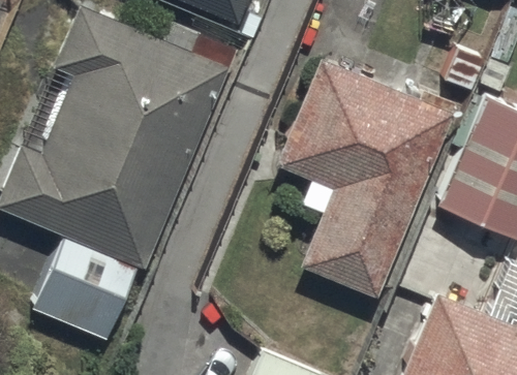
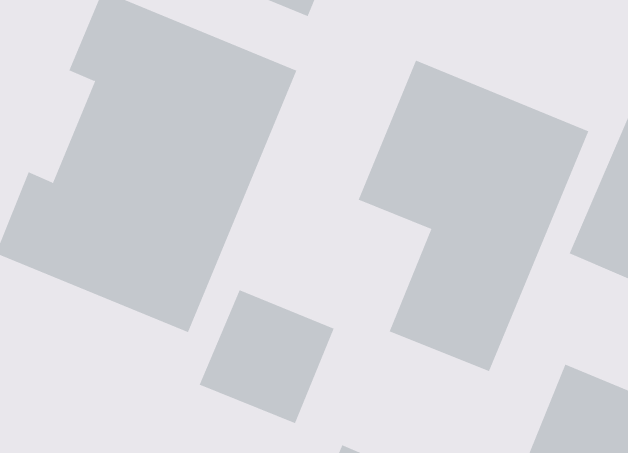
building: [33,239,138,342] -> [199,289,335,424]

